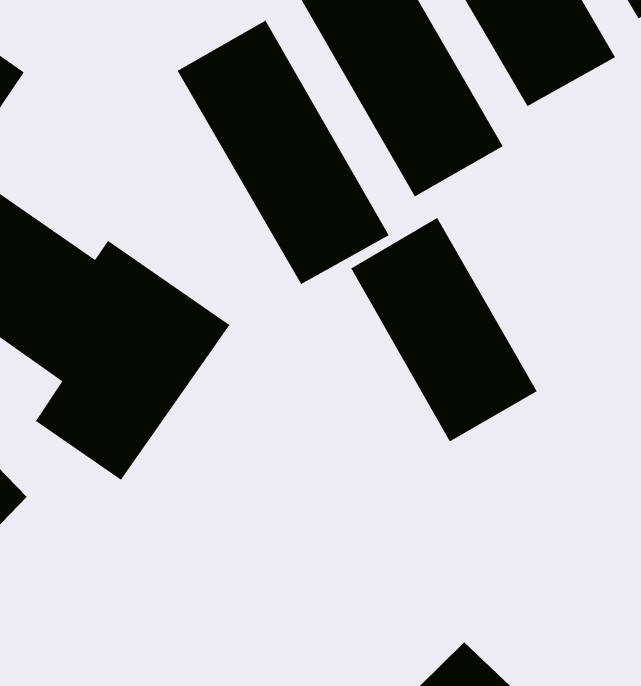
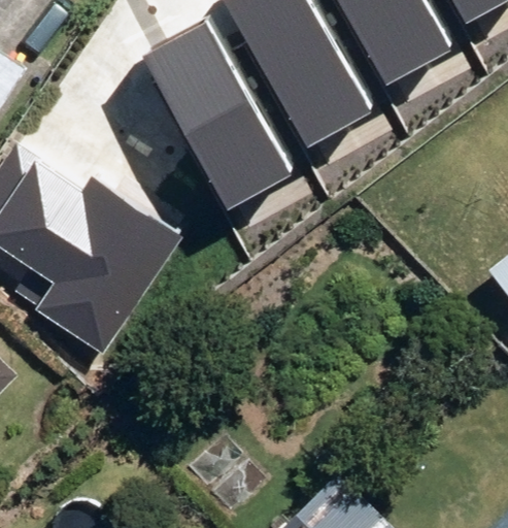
building: [350,217,538,443] -> none

